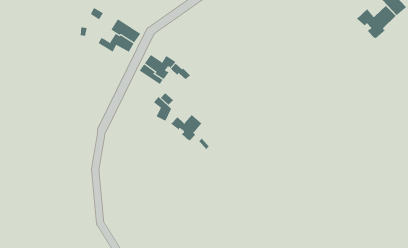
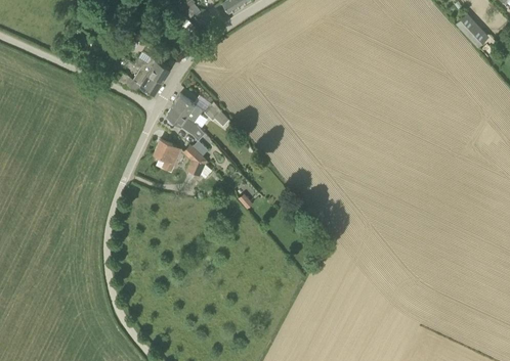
building: [356,5,396,39] -> none
building: none -> [155,138,181,172]
building: [170,114,202,141] -> none

